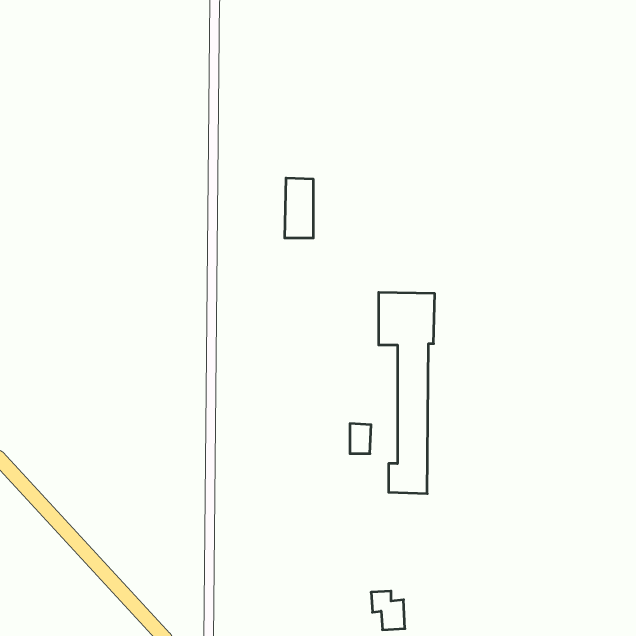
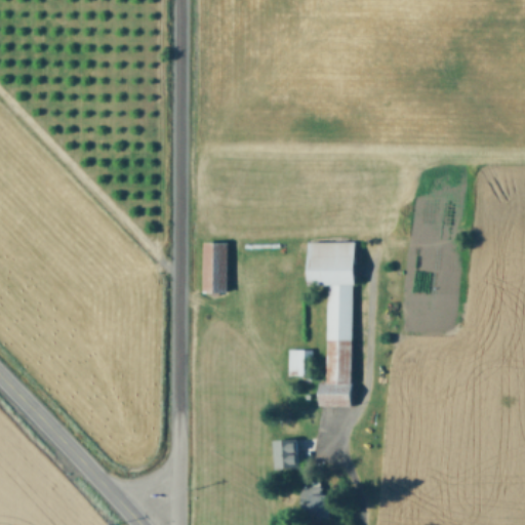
building: [285,178,313,238] -> [204,242,228,291]
building: none -> [275,439,299,469]

